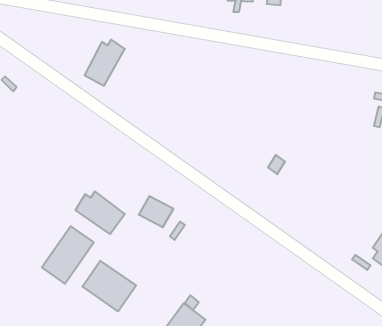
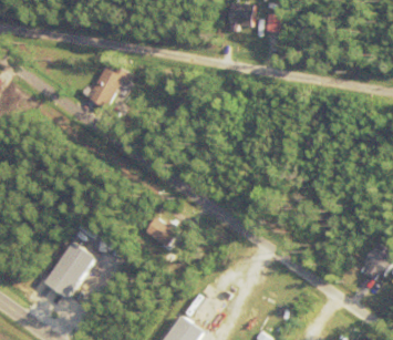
building: [76,191,125,234] -> none
building: [82,261,136,311] -> none

